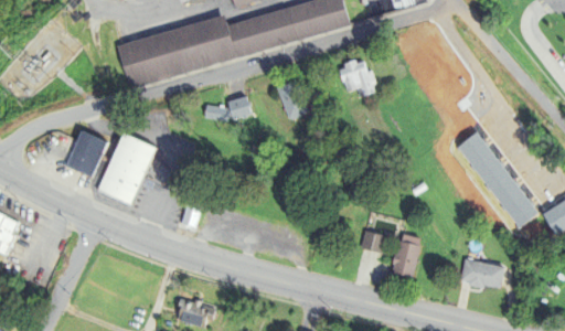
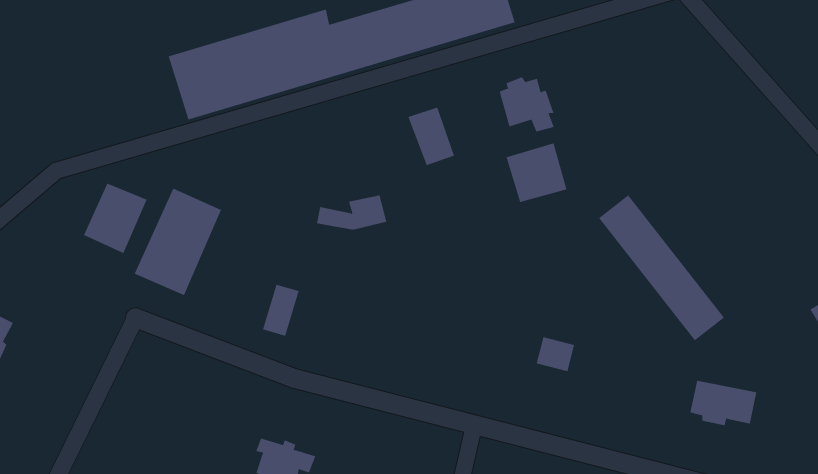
building: [205,95,252,118] -> [316,195,387,230]
building: none -> [506,143,567,203]
building: [454,132,536,228] -> [598,194,725,341]
building: [392,241,420,280] -> none

